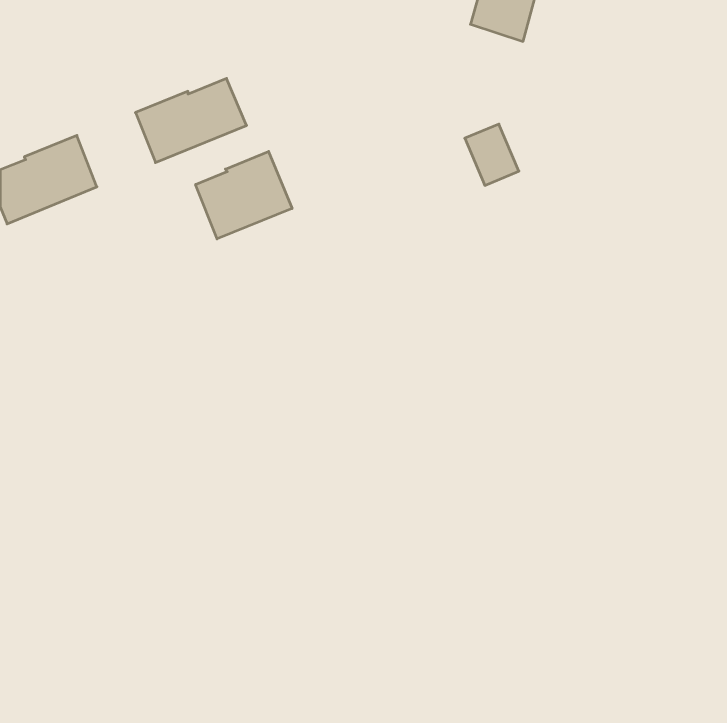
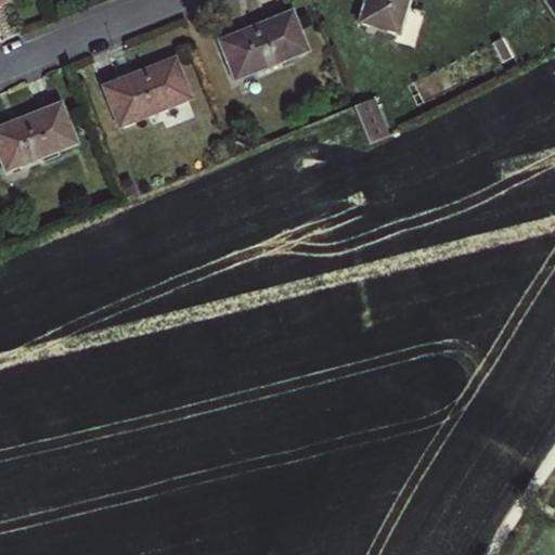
building: none -> [221,10,307,77]
building: [196,151,292,239] -> none

